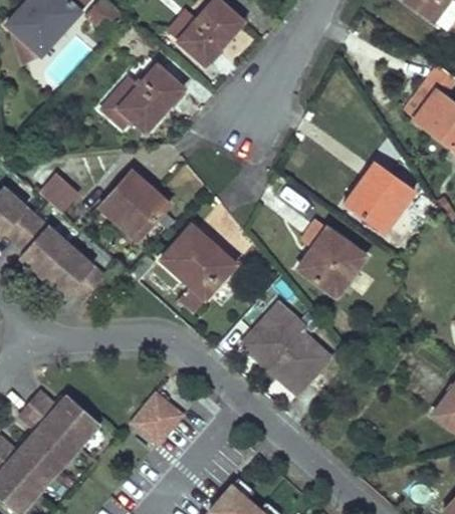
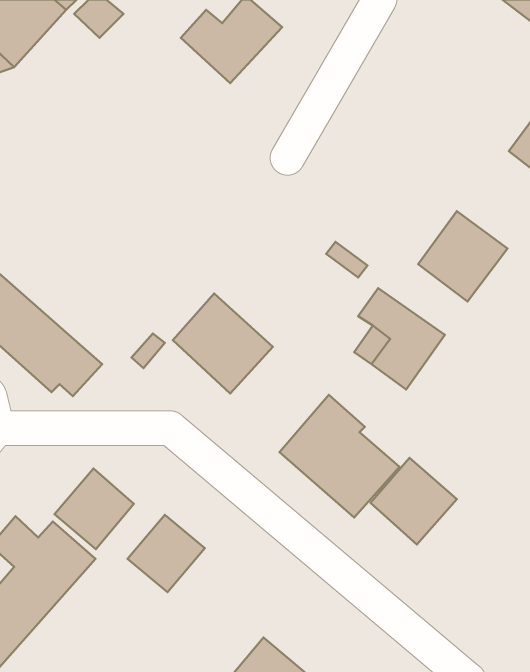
building: [99,65,184,132] -> none
building: [100,172,170,240] -> none
building: [38,174,78,213] -> none
building: none -> [371,458,457,544]
building: none -> [55,469,134,549]

